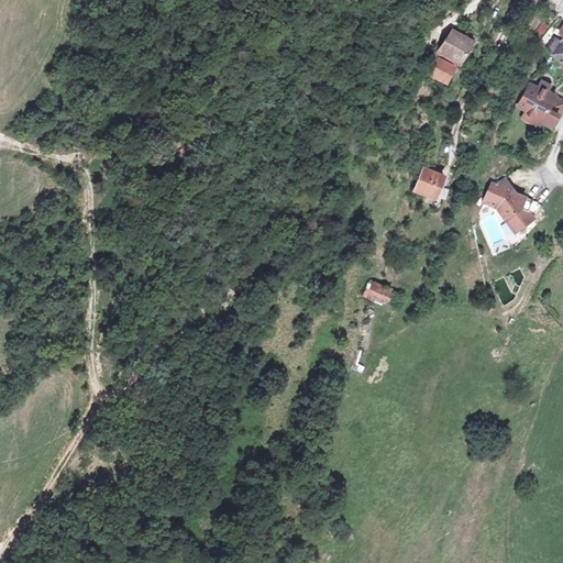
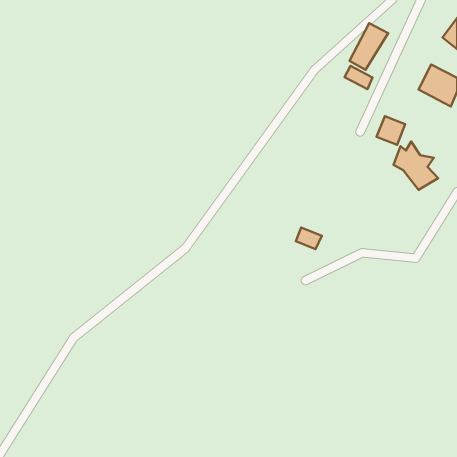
building: none -> [345,66,373,89]
building: [415,167,450,202] -> [377,116,405,145]

